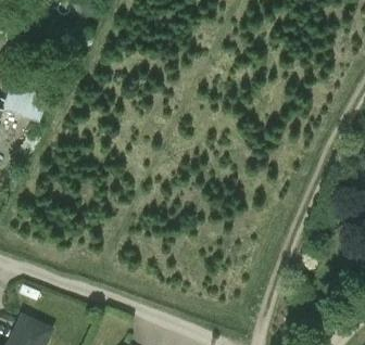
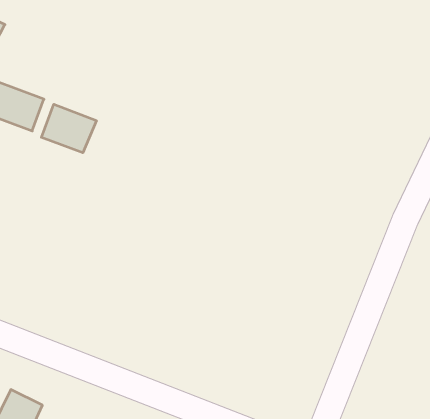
building: none -> [41,104,96,153]

